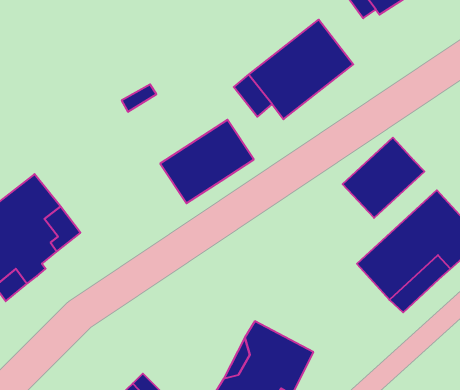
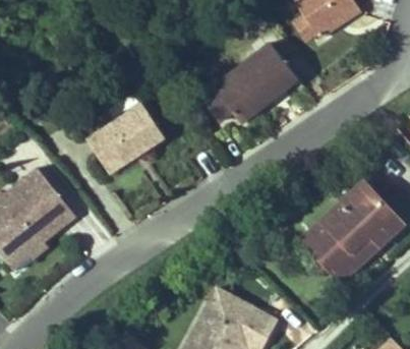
building: [160,120,254,203] -> [87,104,164,172]
building: [343,138,424,218] -> none

